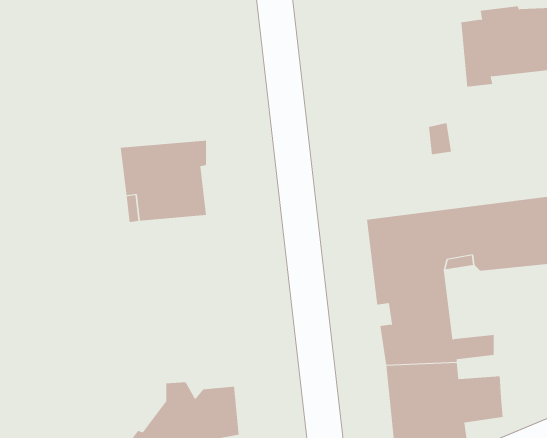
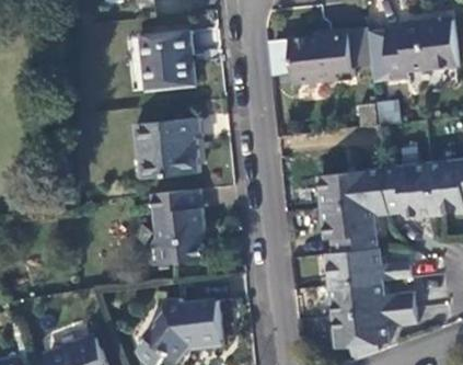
building: none -> [286,25,370,81]
building: none -> [140,31,194,88]
building: none -> [149,190,204,264]

